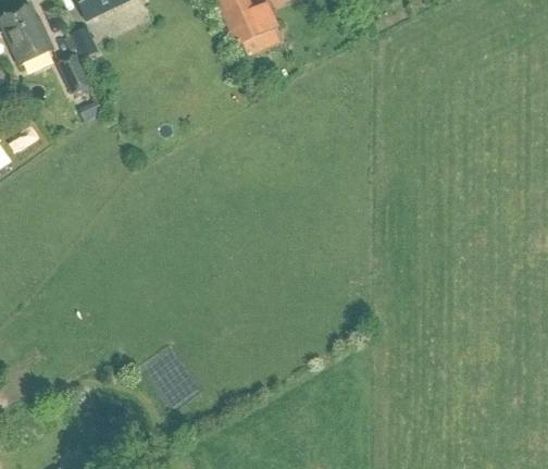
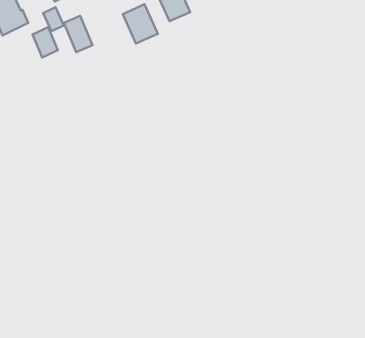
building: none -> [123,4,158,44]
building: none -> [64,16,93,52]

